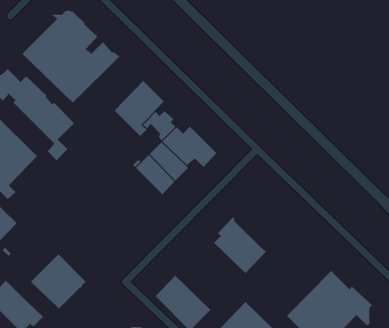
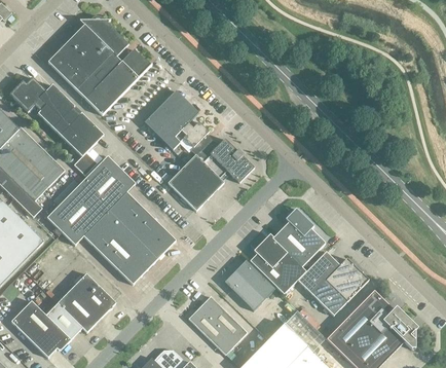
building: none -> [46,155,176,284]
building: none -> [272,208,326,266]
building: none -> [297,251,369,315]
building: none -> [224,259,275,310]
building: none -> [45,303,82,339]

